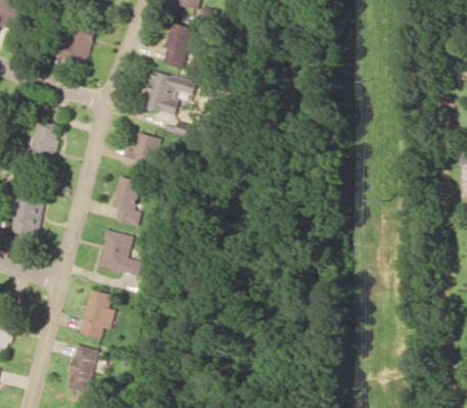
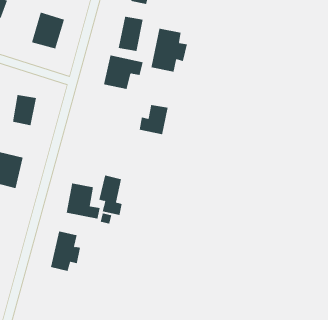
building: none -> [151,28,188,73]
building: [122,133,158,171] -> [139,104,169,135]
building: [111,176,141,226] -> [99,175,123,215]
building: [66,345,98,395] -> none

